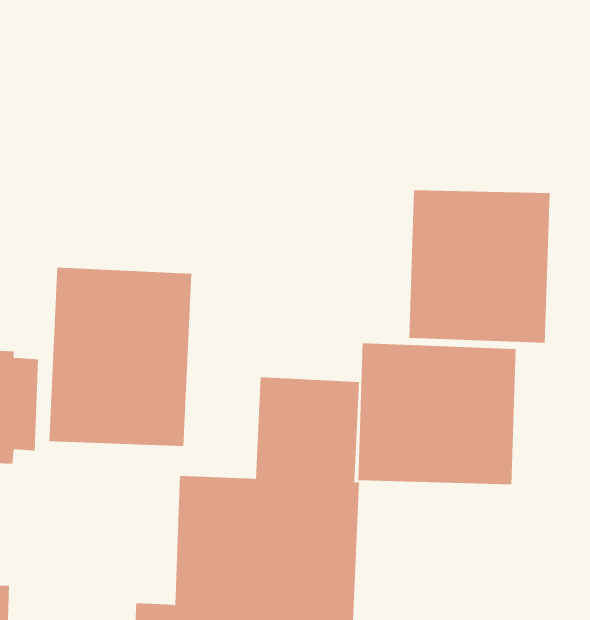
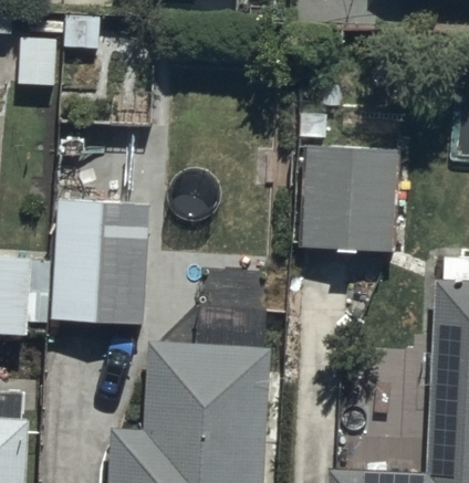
building: [358,342,516,485] -> none

